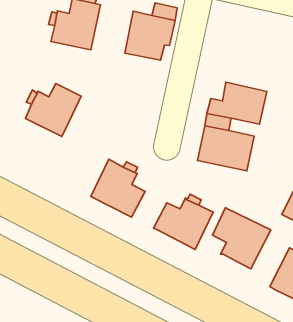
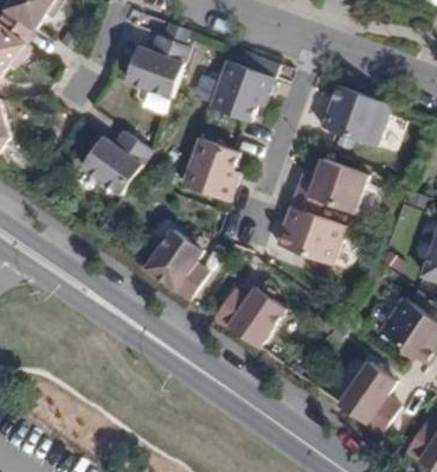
building: none -> [320,85,391,147]
building: none -> [181,139,239,202]
building: [213,207,271,269] -> none

